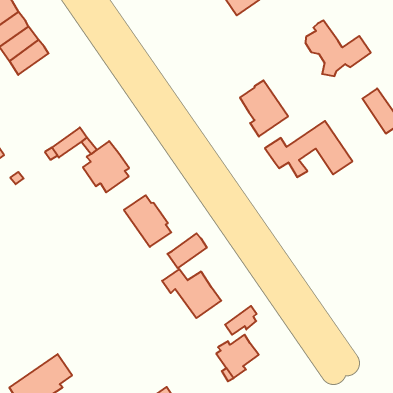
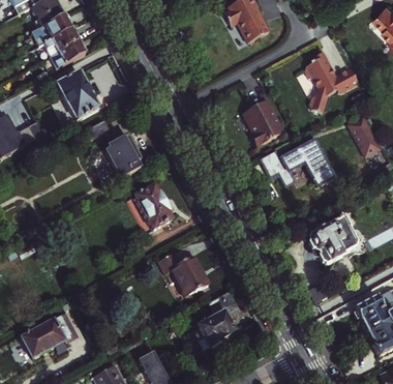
building: none -> [55,75,96,122]
building: none -> [307,216,356,265]
building: [167,233,207,268] -> none

